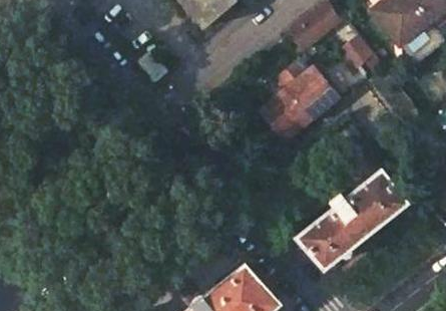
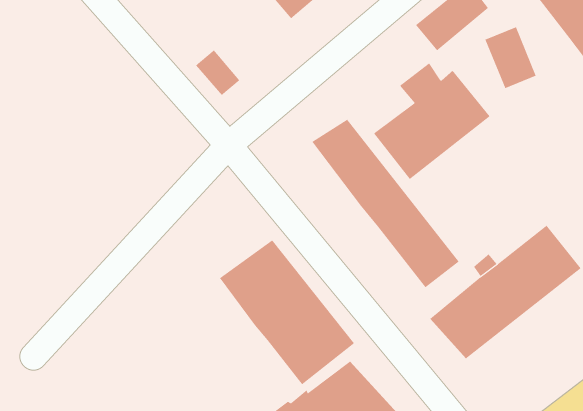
building: none -> [311,119,460,288]
building: none -> [219,239,355,385]

